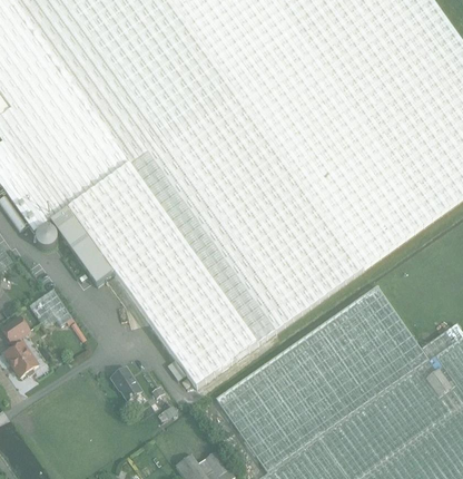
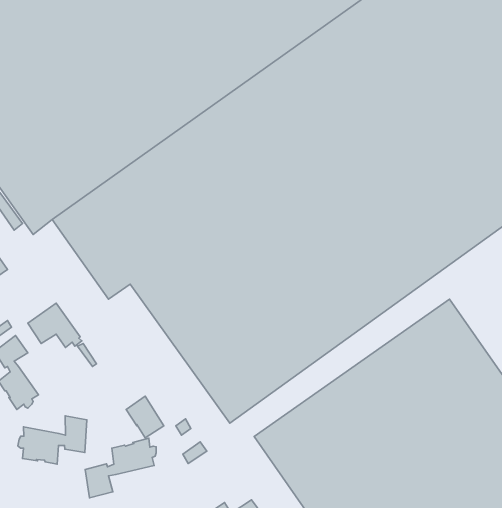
building: none -> [18,416,87,464]
building: none -> [85,438,156,498]

